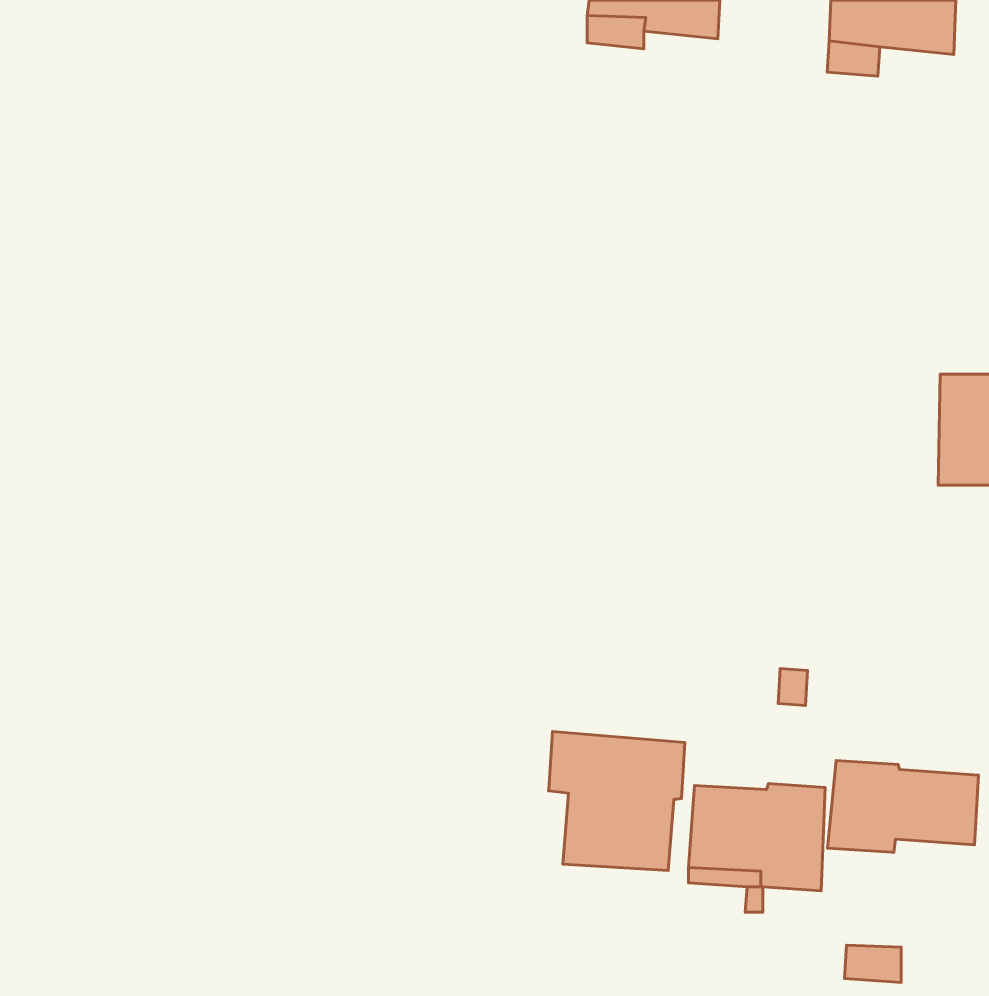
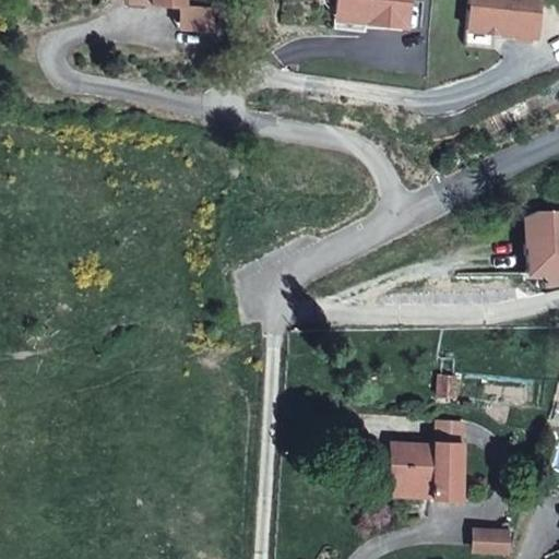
building: [548,731,685,870] -> none
building: [828,761,978,852] -> none

